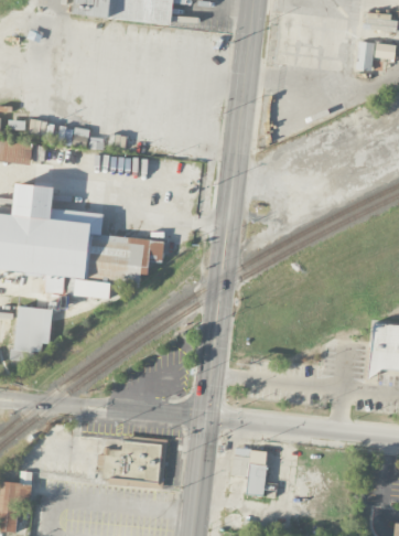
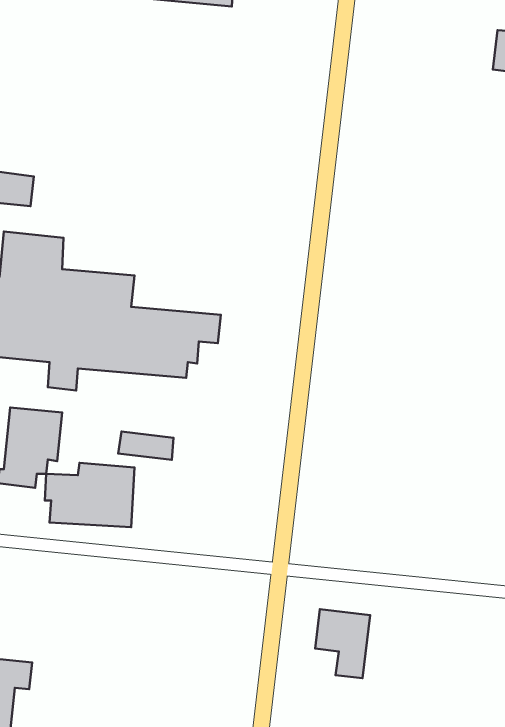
building: [73,279,111,299] -> [118,432,173,460]
building: [98,440,161,485] -> [45,463,134,527]

